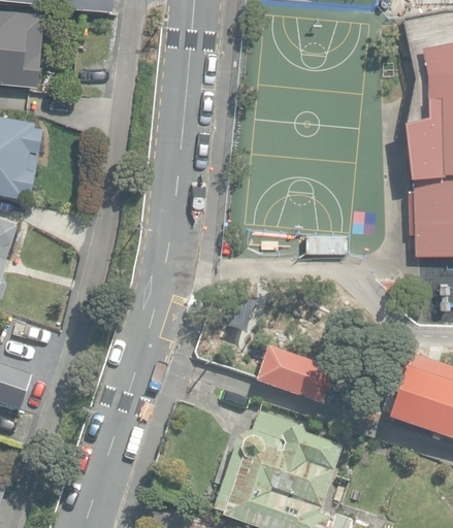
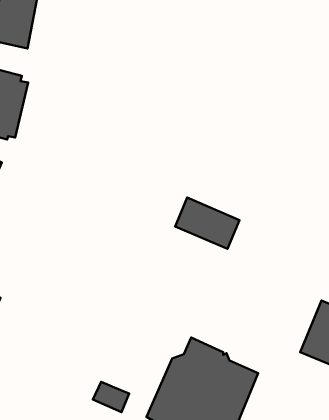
building: [257,348,332,404] -> [175,198,239,249]

